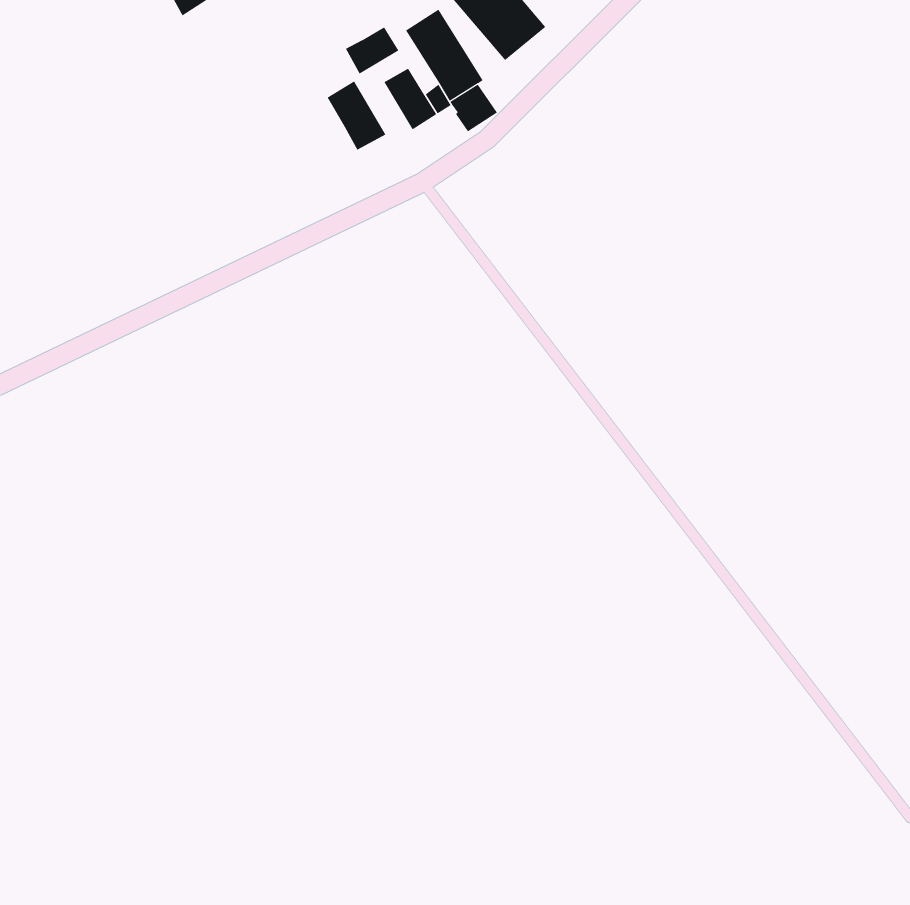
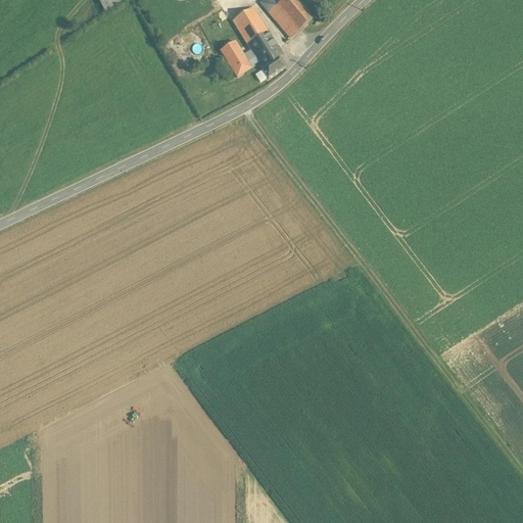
building: [345,26,399,74] -> none
building: [327,80,386,151] -> none

